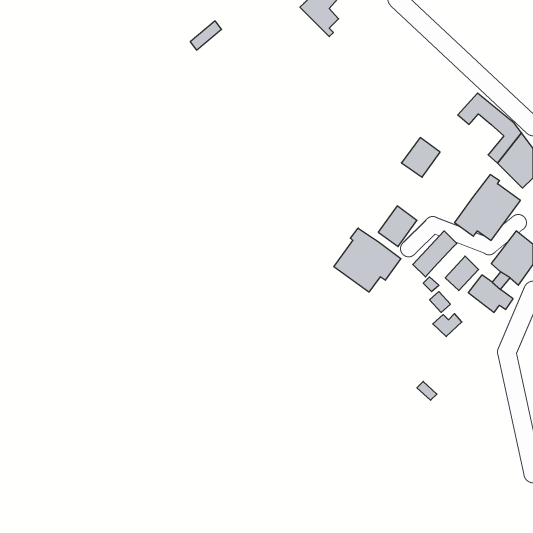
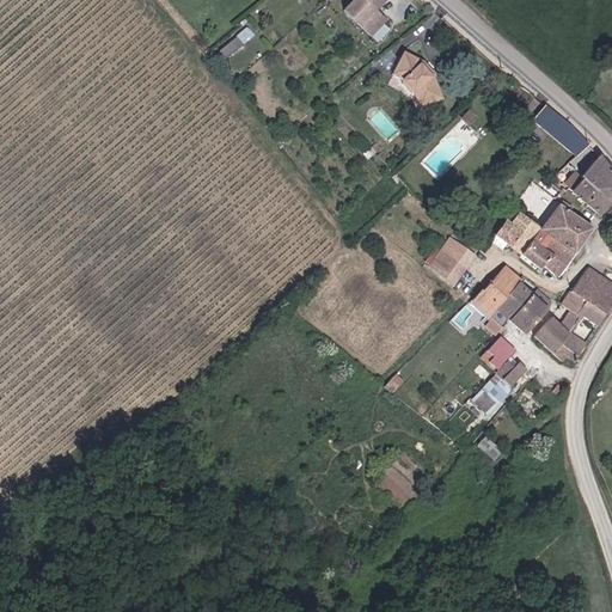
building: none -> [393,50,442,104]
building: [401,138,440,177] -> [496,209,540,255]
building: [334,228,401,292] -> none
building: none -> [496,282,532,318]
building: none -> [471,373,509,414]

